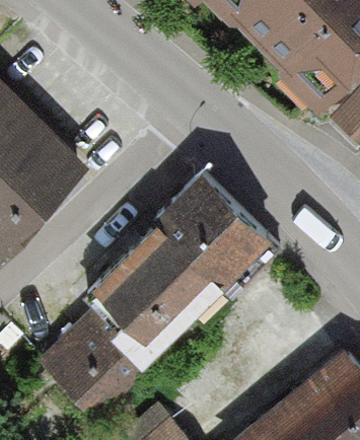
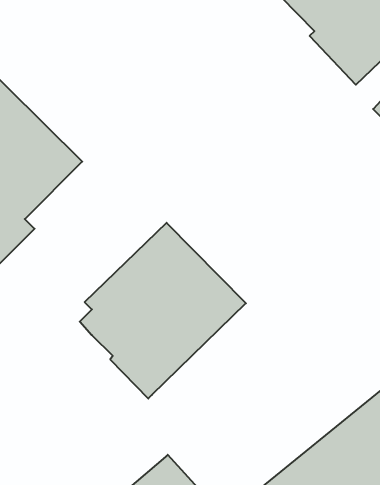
building: [158,165,273,280] -> none
building: [41,306,152,419] -> none

